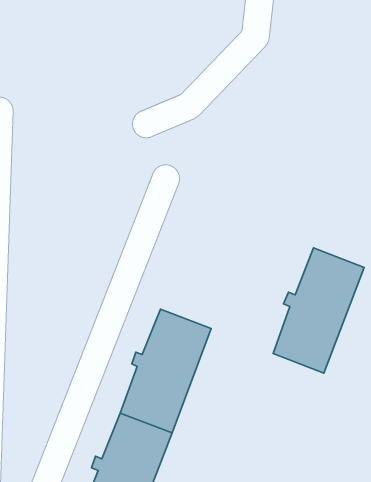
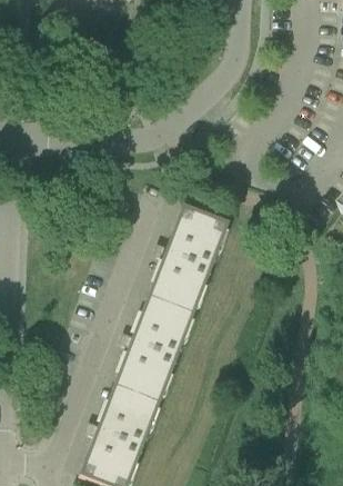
building: [273,248,364,373] -> [147,209,224,316]

